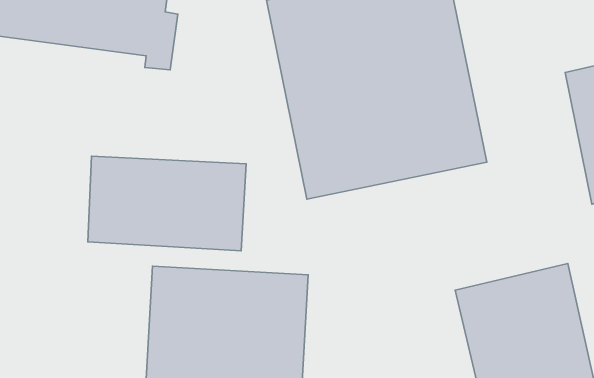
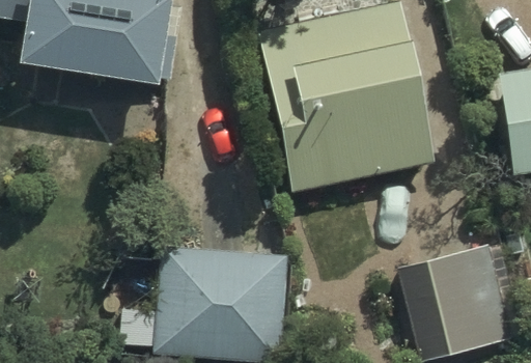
building: [88,156,246,251] -> none

